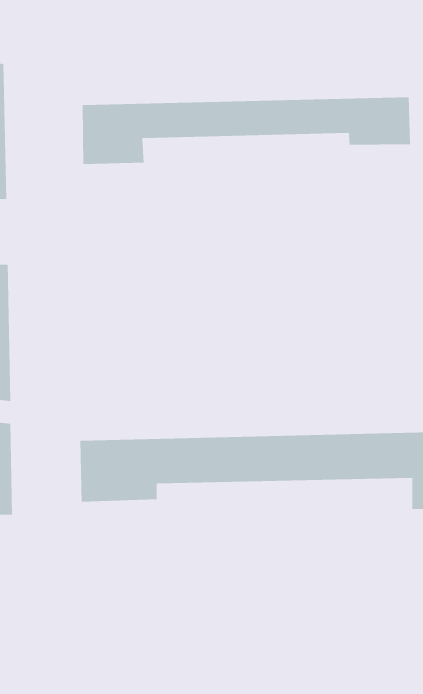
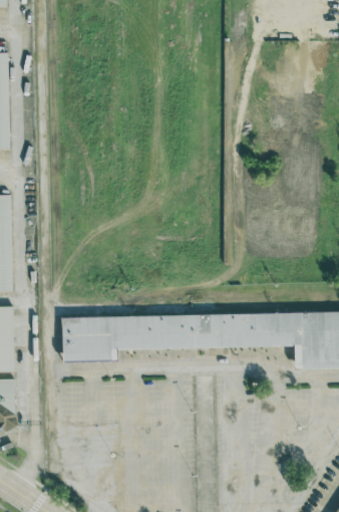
building: [82,96,411,165] -> none

